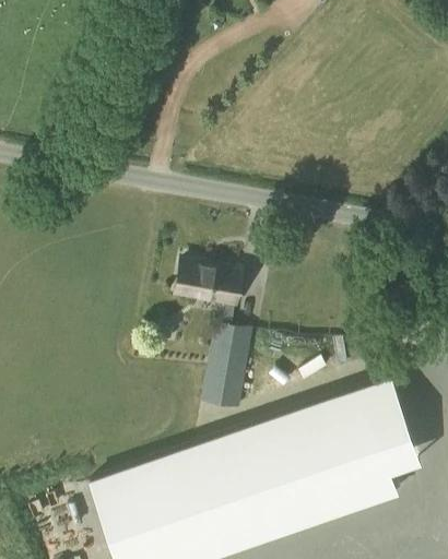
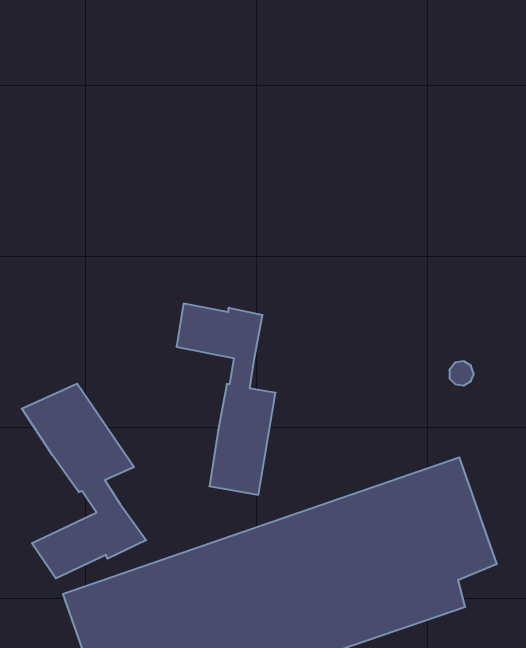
building: none -> [22,384,146,578]

